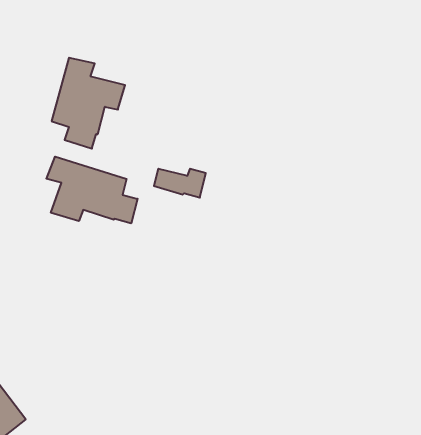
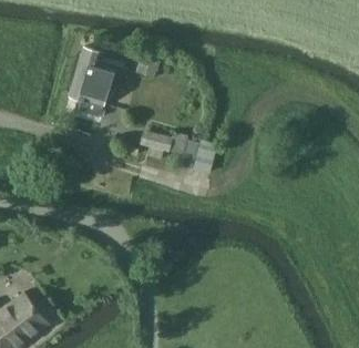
building: [46,157,138,223] -> none

